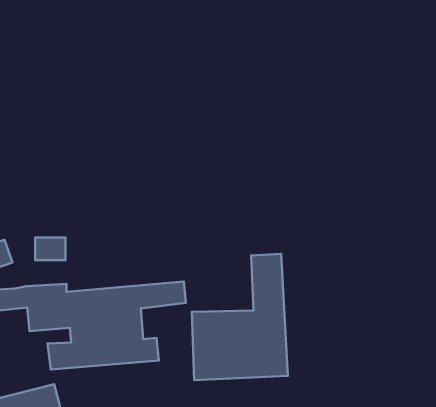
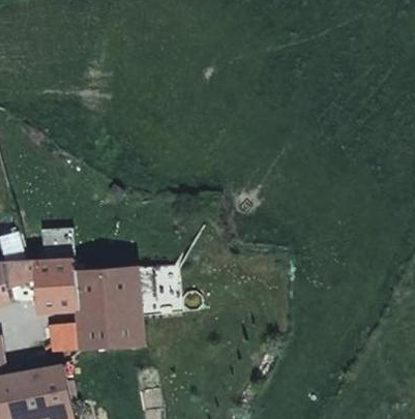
building: [192,254,288,380] -> none

